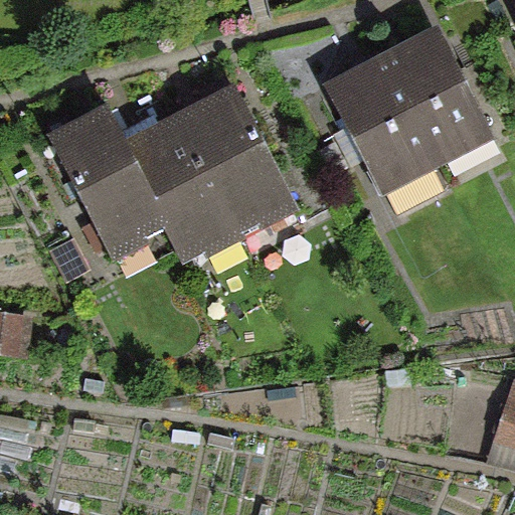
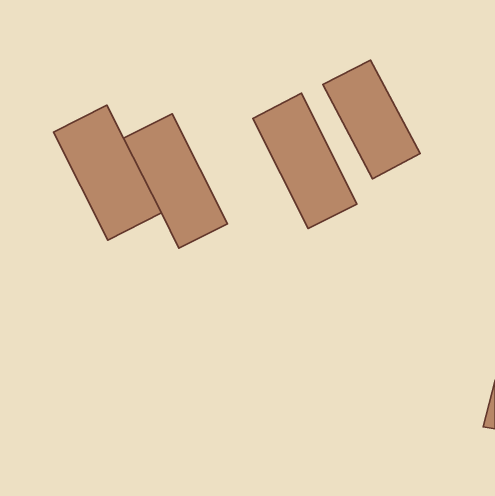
building: [383,37,484,160] -> none
building: [178,93,286,232] -> [253,93,357,228]

